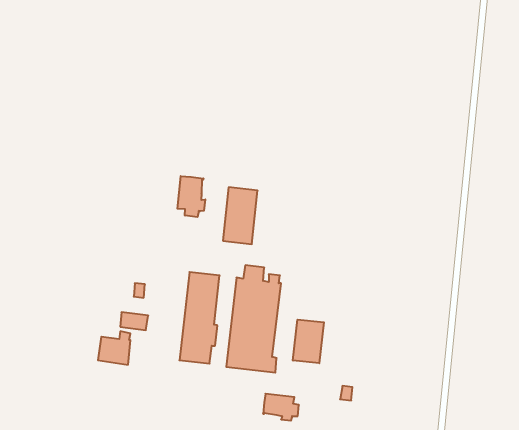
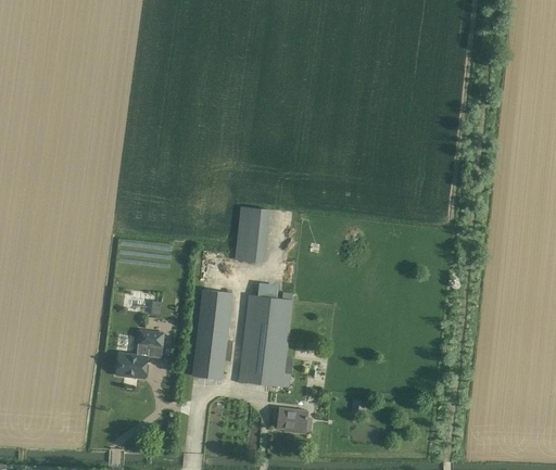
building: [177,176,205,217] -> none
building: [293,320,324,363] -> none

